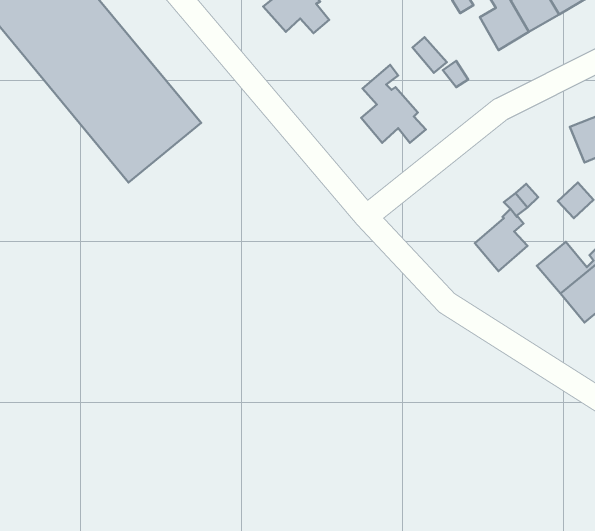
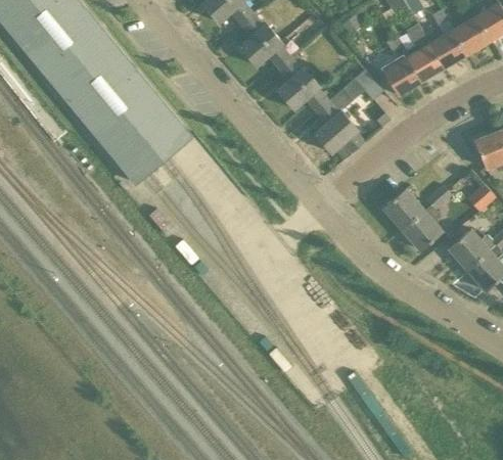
building: none -> [382,55,420,94]
building: none -> [276,57,336,110]
building: none -> [383,189,424,230]

